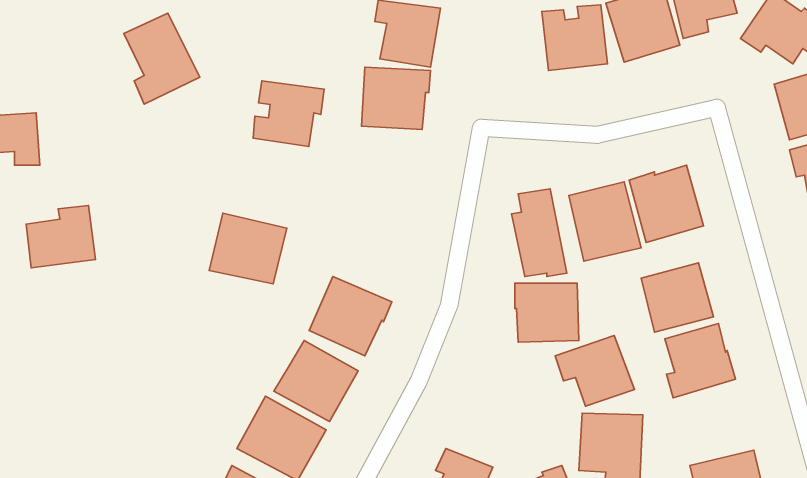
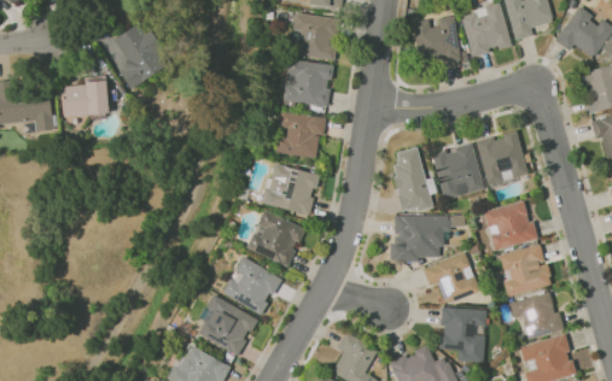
building: [253,81,324,147] -> [275,111,326,158]
building: [26,206,95,268] -> [60,74,110,118]
building: [209,213,287,284] -> [263,163,319,213]
building: none -> [508,292,564,339]

